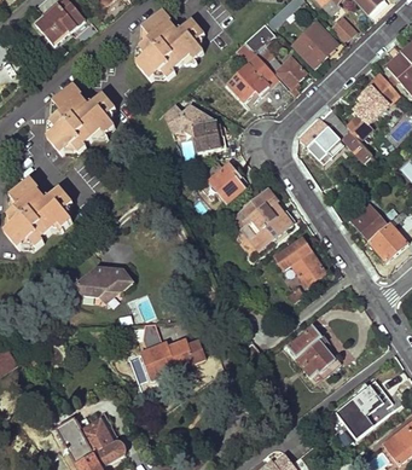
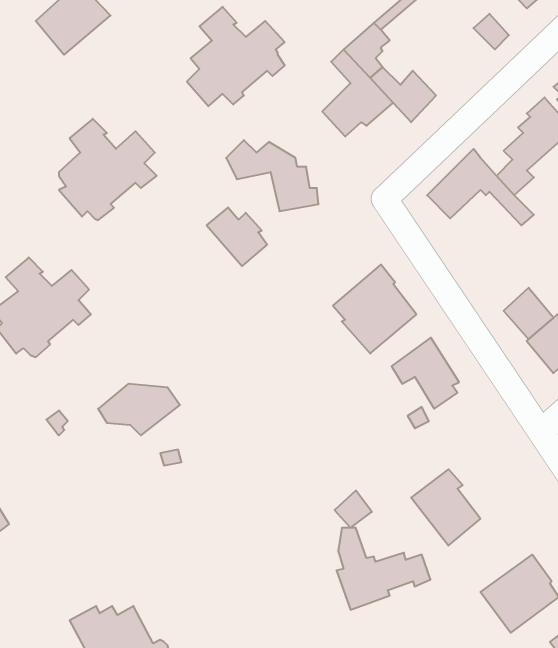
building: [292,24,336,65] -> none
building: [201,161,242,201] -> [207,207,267,266]
building: [141,324,205,379] -> [336,528,431,610]

